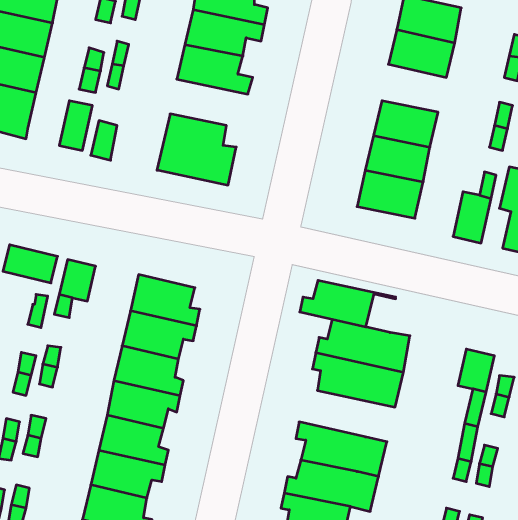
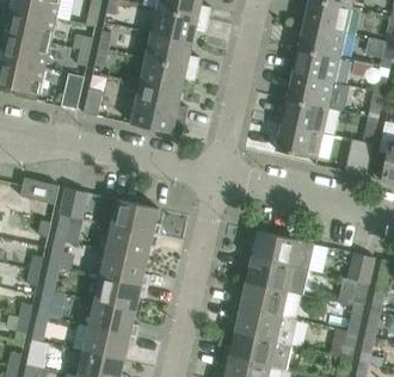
building: none -> [293,48,339,82]
building: none -> [140,58,196,92]
building: [300,280,396,327] -> [233,283,302,316]

